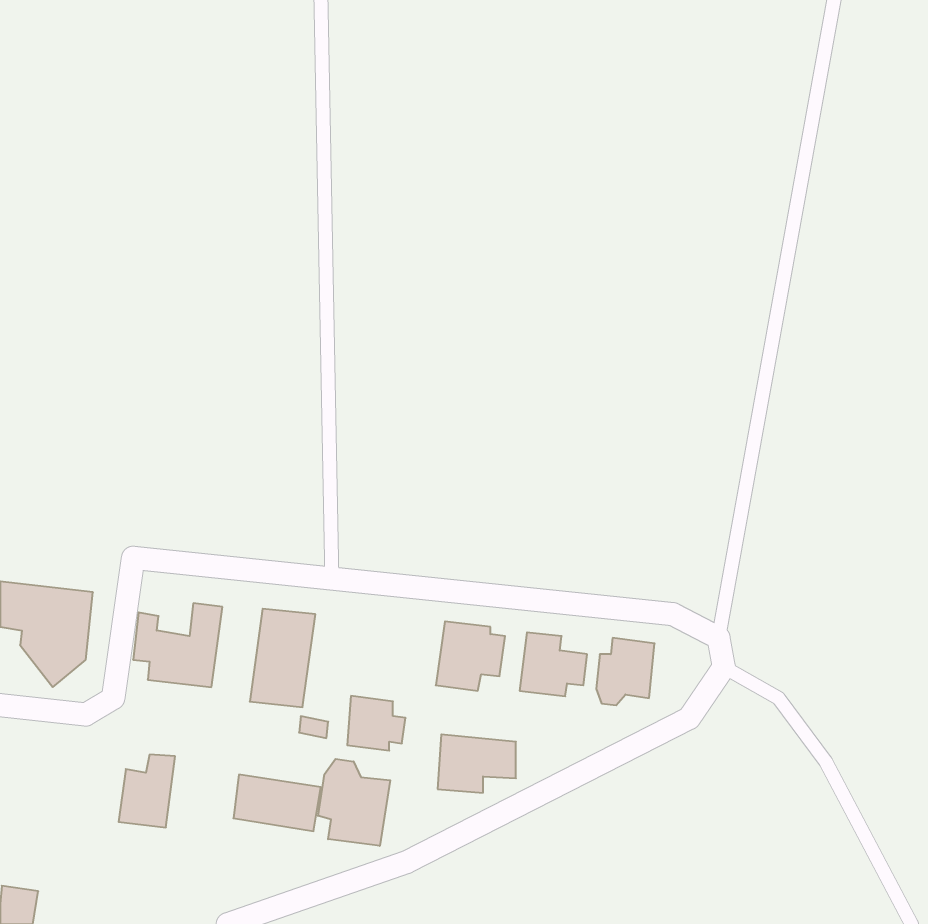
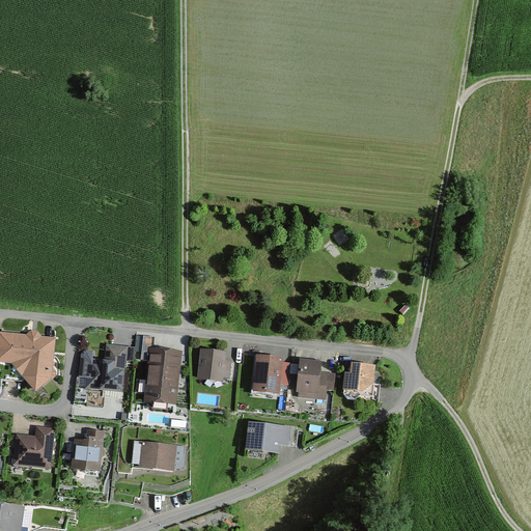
building: [347,696,406,751] -> [199,348,232,380]
building: none -> [10,425,51,469]
building: [318,759,390,846] -> none

